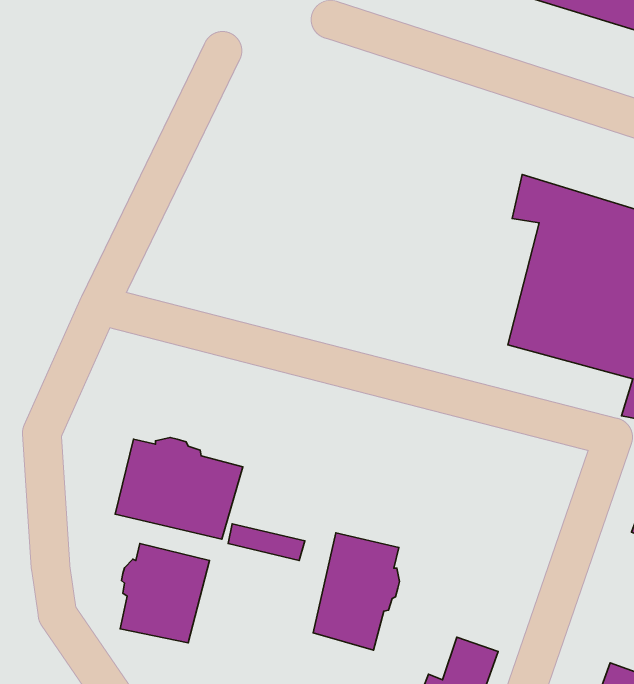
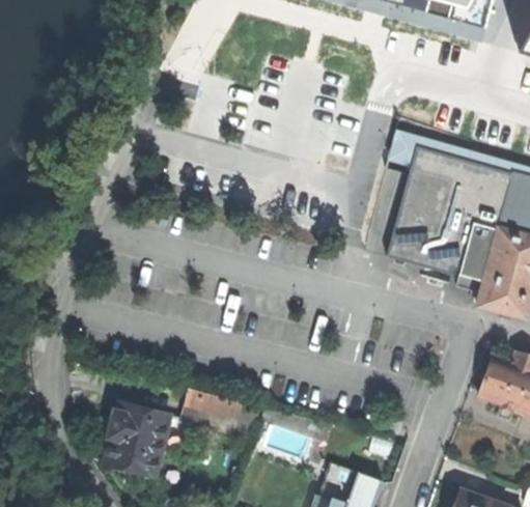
building: [115,437,243,539] -> none
building: [313,533,399,650] -> none

